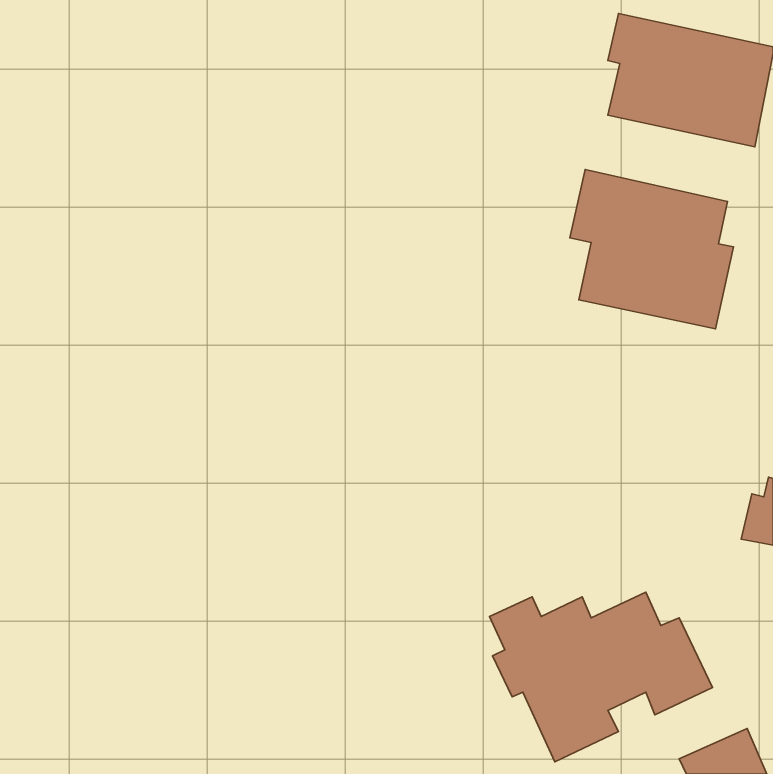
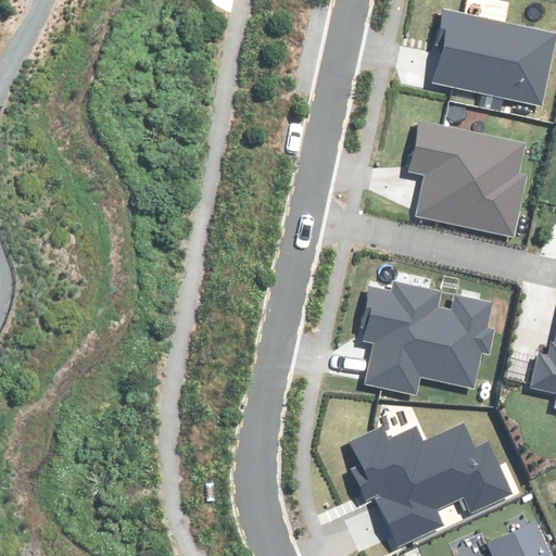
building: none -> [359,282,494,394]

